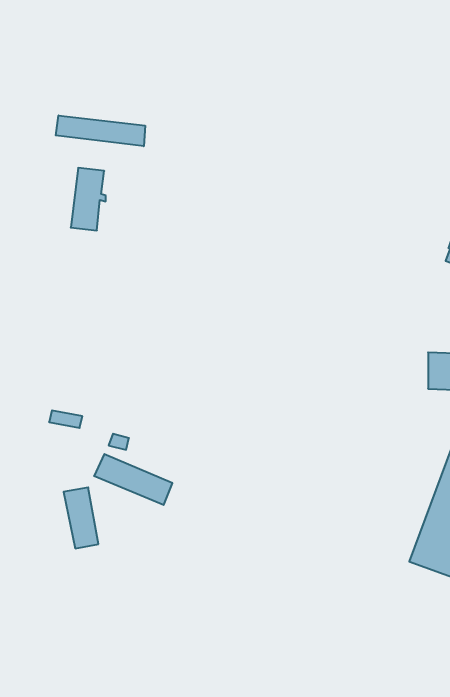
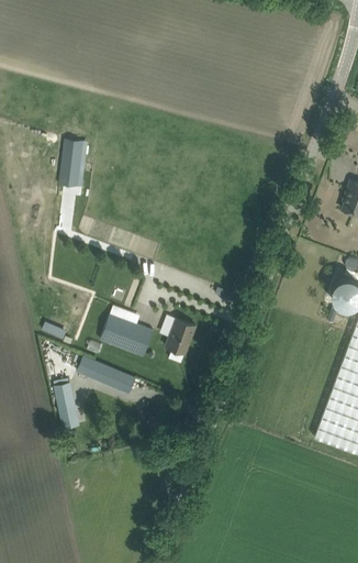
building: [56,115,145,146] -> none
building: none -> [101,313,155,357]
building: none -> [167,319,197,354]

